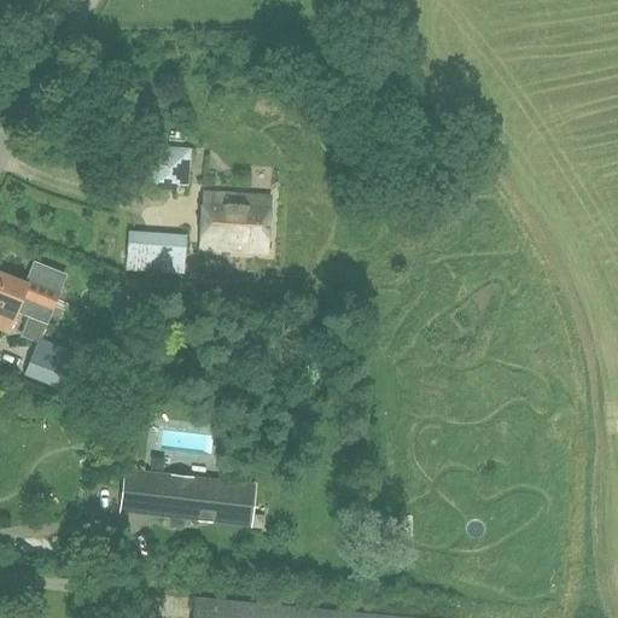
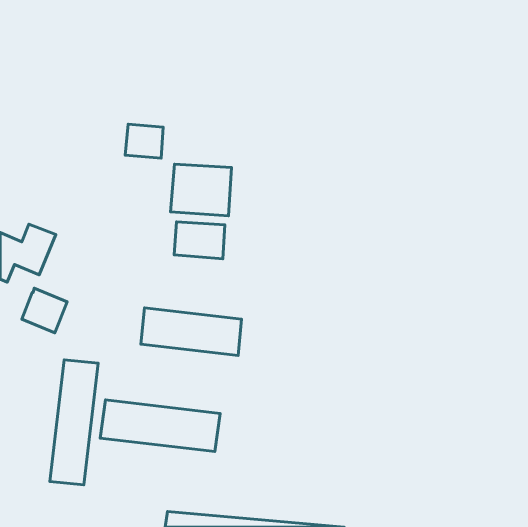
building: [126,231,185,274] -> [174,222,225,259]
building: none -> [141,308,242,355]
building: none -> [50,360,98,485]

